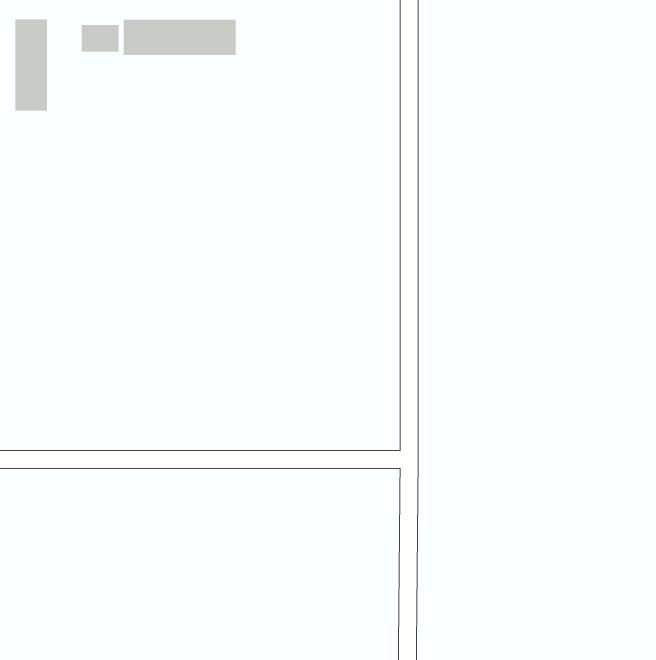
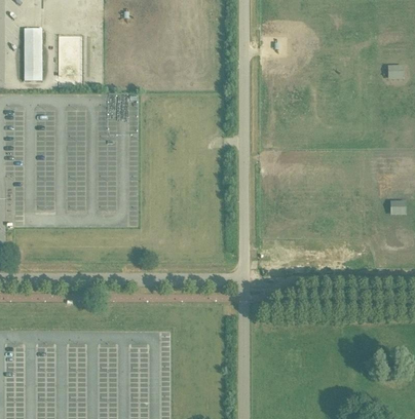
building: [123,19,236,56] -> none

